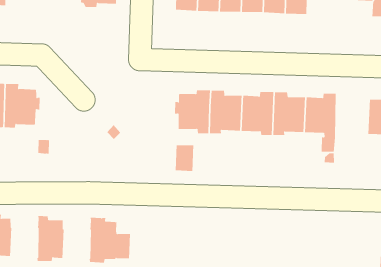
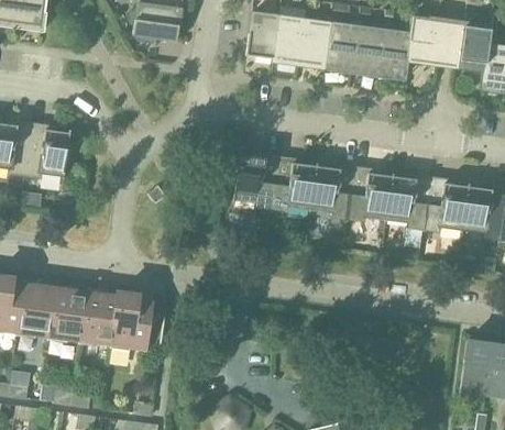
building: none -> [422,176,468,231]
building: [175,145,194,172] -> none
building: none -> [15,280,54,338]
building: none -> [78,289,117,346]

